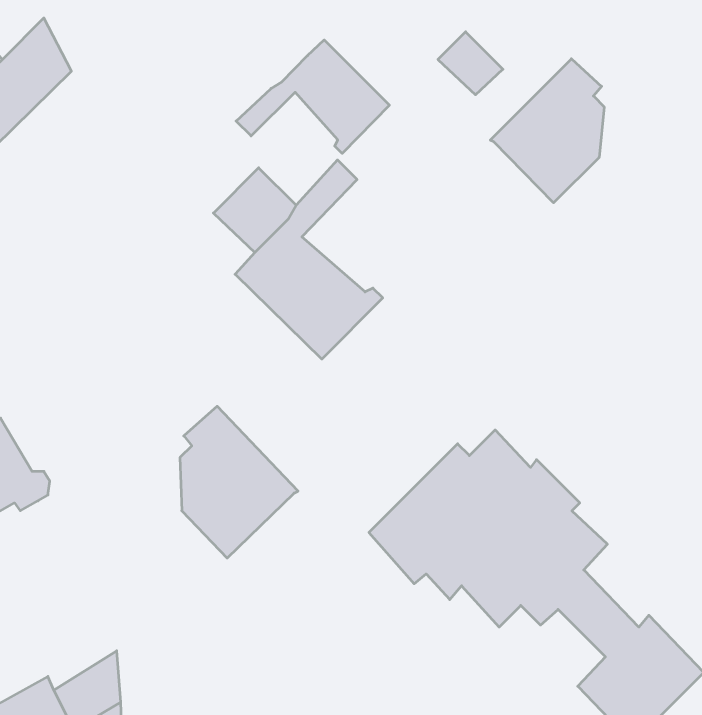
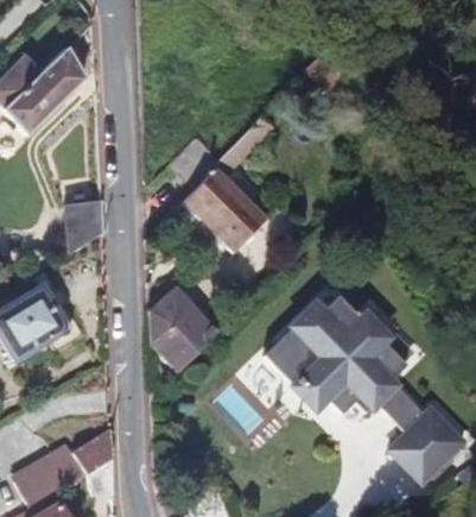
building: [236,40,389,153] -> none
building: [490,59,604,203] -> none
building: none -> [66,198,106,252]

